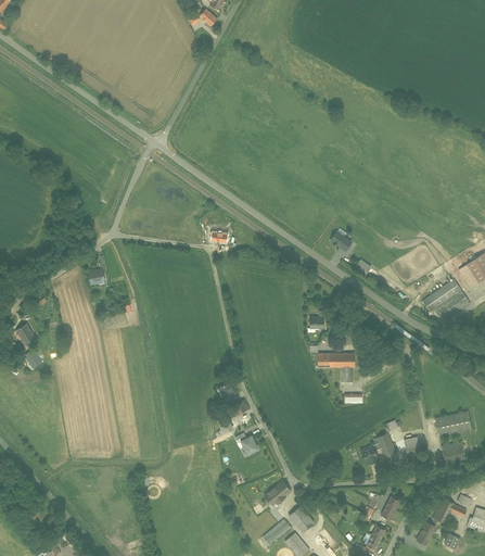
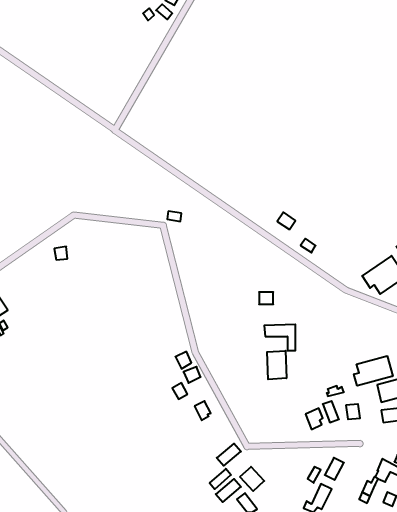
building: none -> [267,351,286,379]
building: none -> [354,356,393,386]

